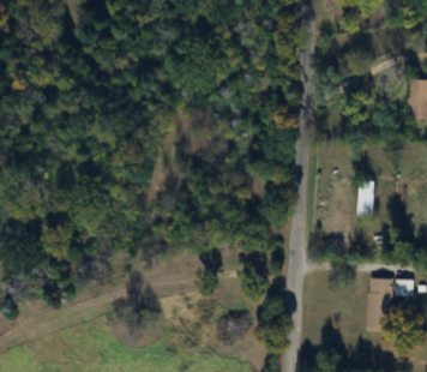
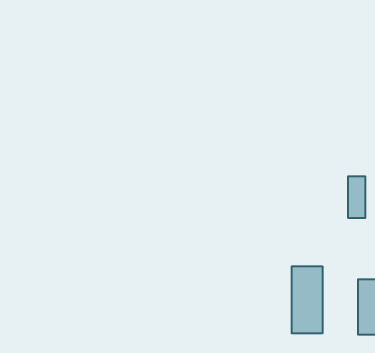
building: none -> [292,266,322,333]

